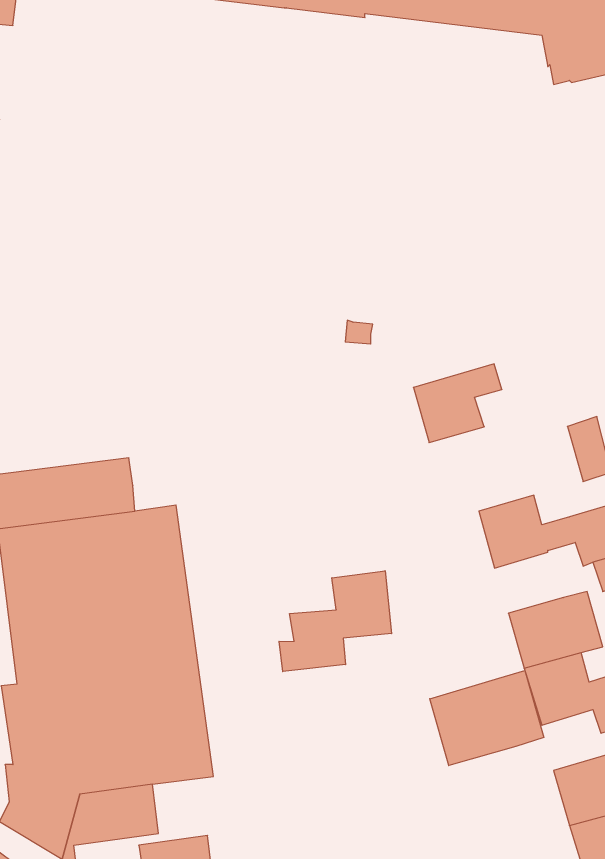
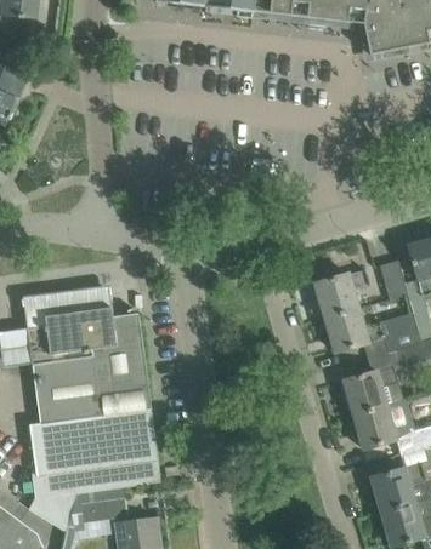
building: [413,364,502,443] -> [314,269,369,318]
building: [279,571,392,672] -> none
building: [430,671,544,766] -> none

